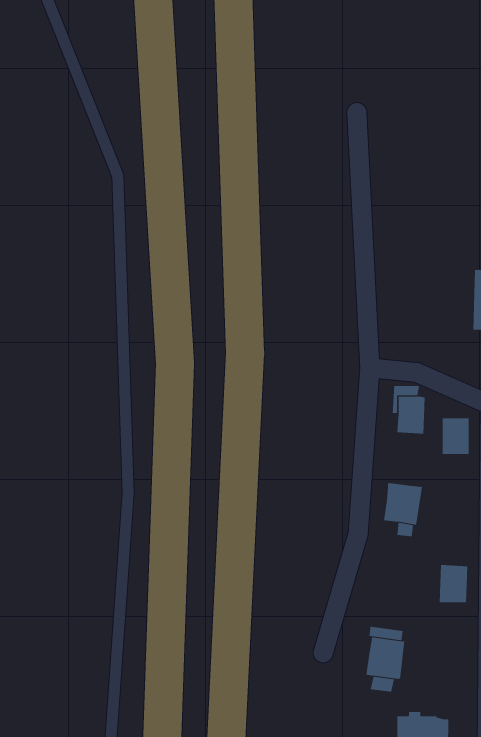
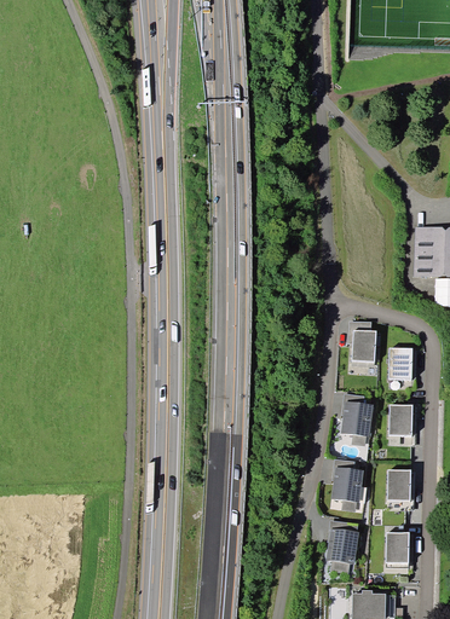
building: none -> [388,405,411,435]
building: none -> [330,467,365,503]
building: none -> [385,532,408,563]

